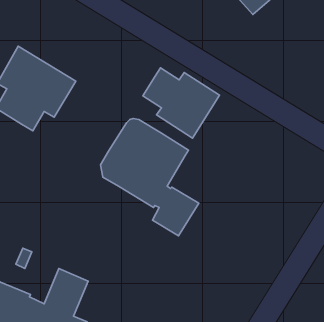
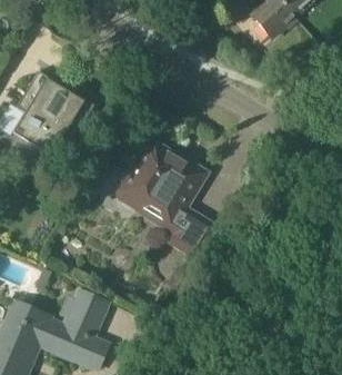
building: [143,68,219,138] -> none

